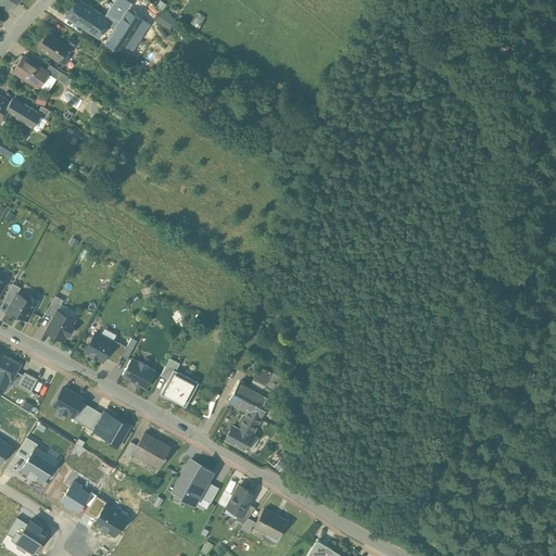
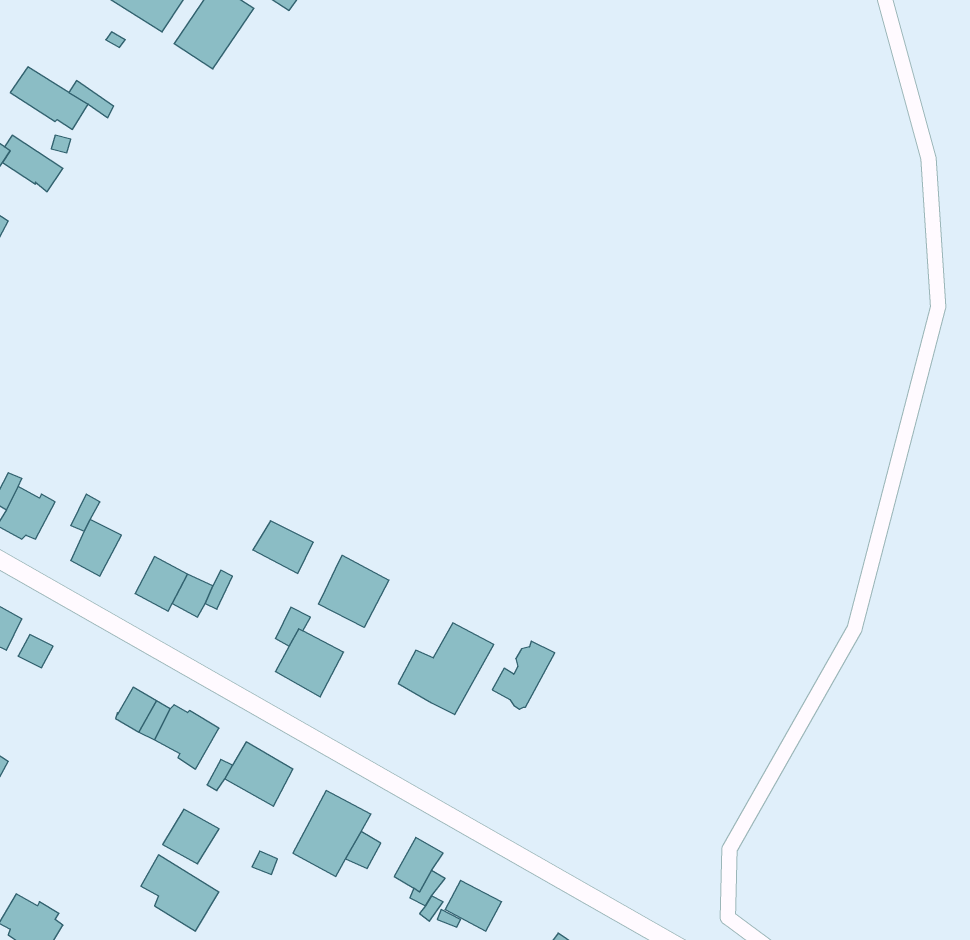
building: [38,34,70,65] -> none
building: none -> [319,555,389,627]
building: [122,359,155,389] -> [253,521,313,573]
building: [52,388,84,418] -> none
building: [226,412,261,450] -> [492,641,555,709]
building: [16,438,58,484] -> none
building: [60,479,91,509] -> [163,809,219,864]

